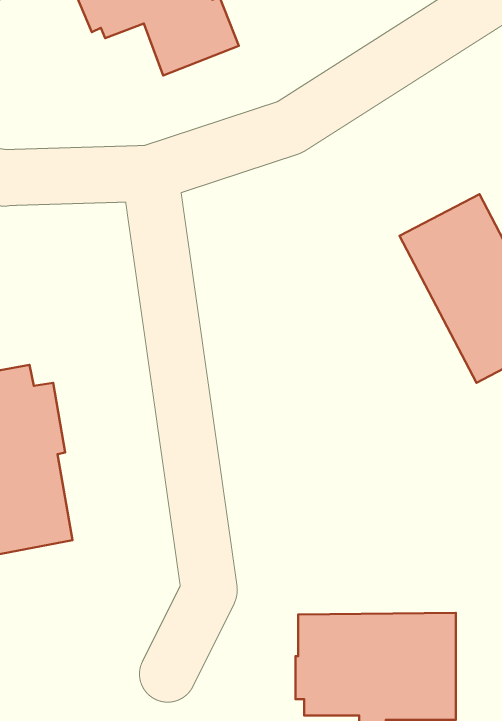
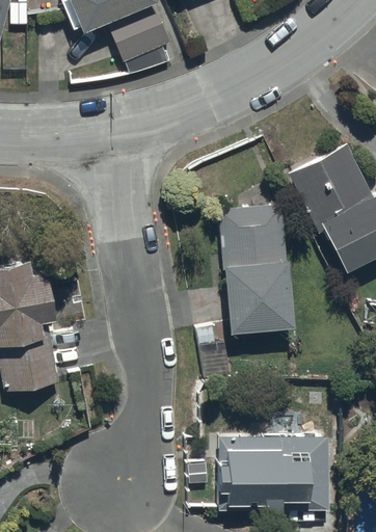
building: none -> [220,204,292,335]

